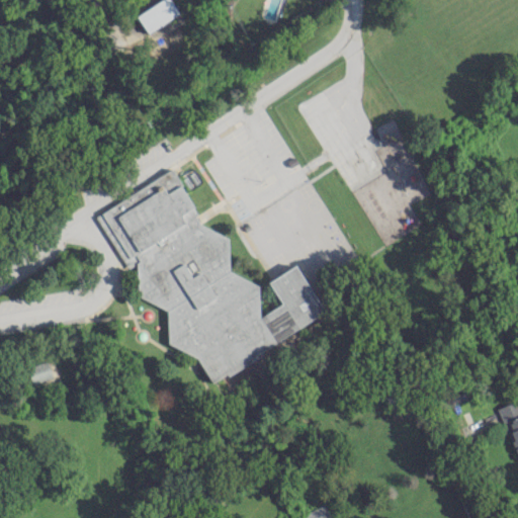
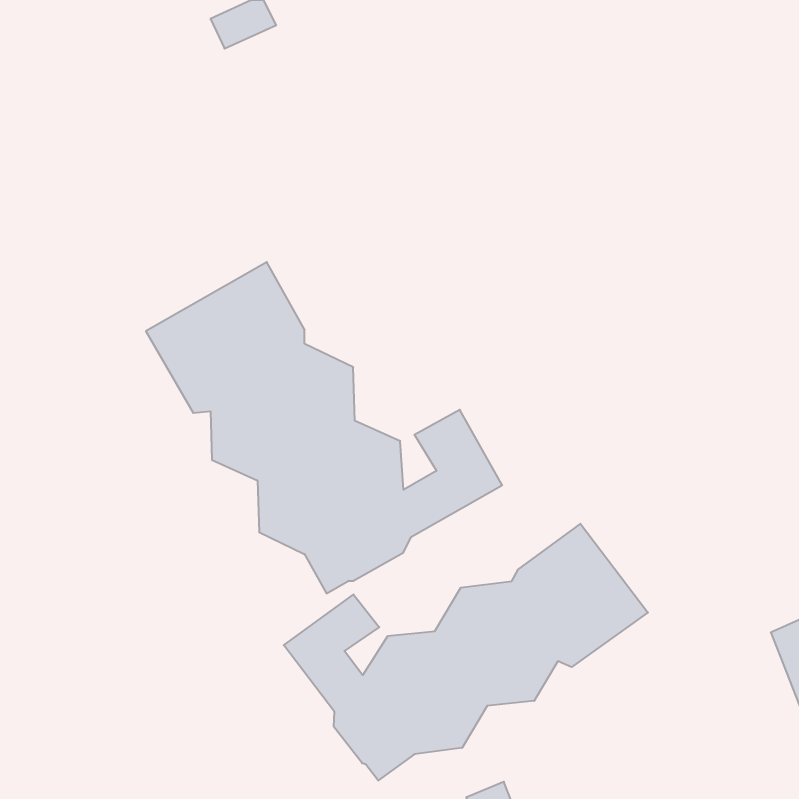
building: none -> [284,524,648,781]
building: [28,362,55,386] -> none

